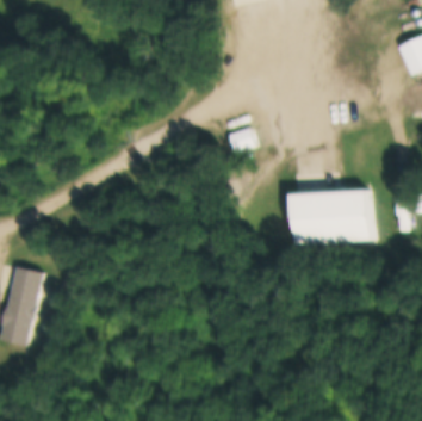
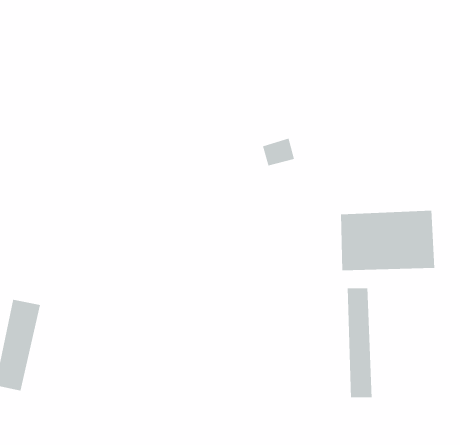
building: none -> [347,287,372,398]

